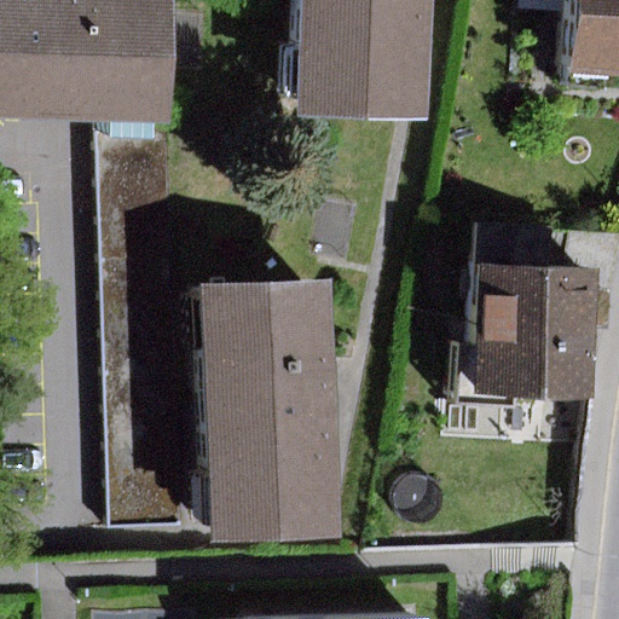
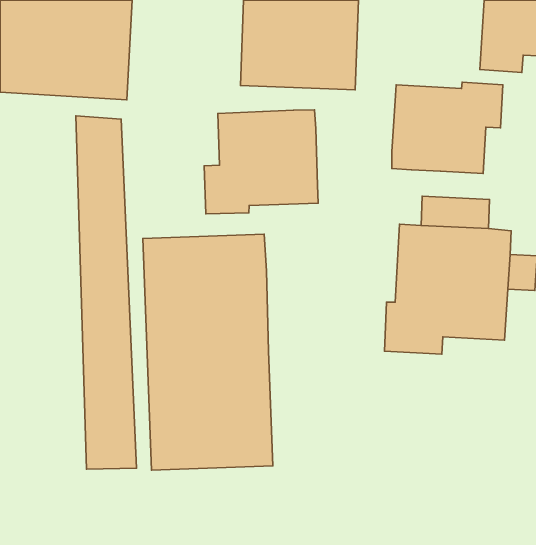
building: none -> [392,82,503,173]
building: none -> [204,110,318,214]

